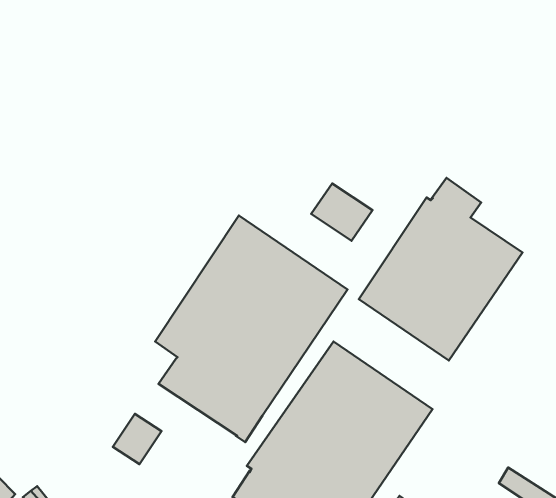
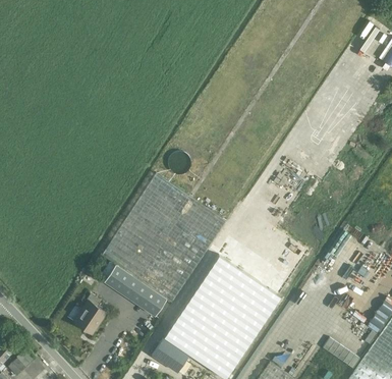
building: [359,178,523,361] -> none
building: [311,183,372,241] -> none

